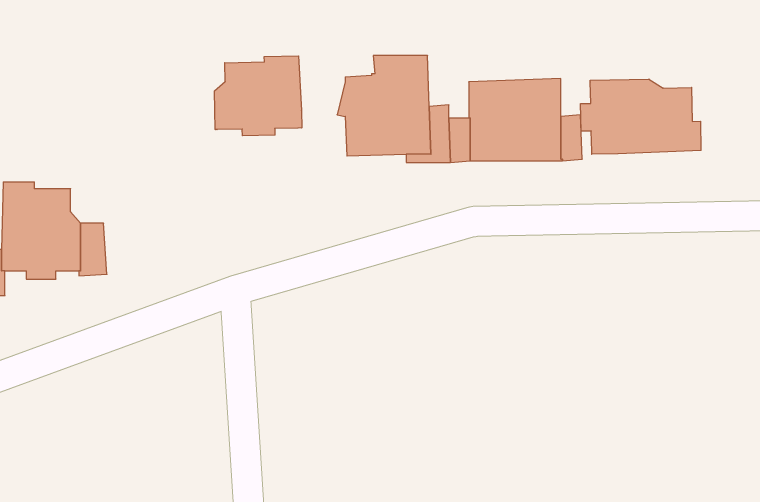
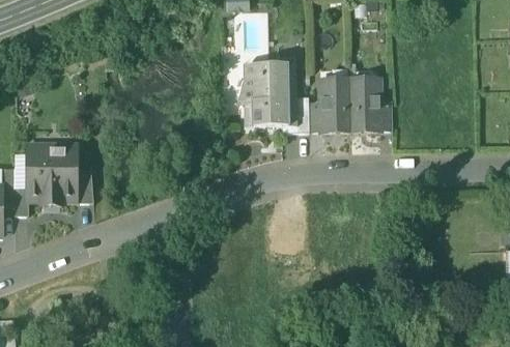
building: [215,56,302,136] -> none
building: [581,79,701,154] -> none

